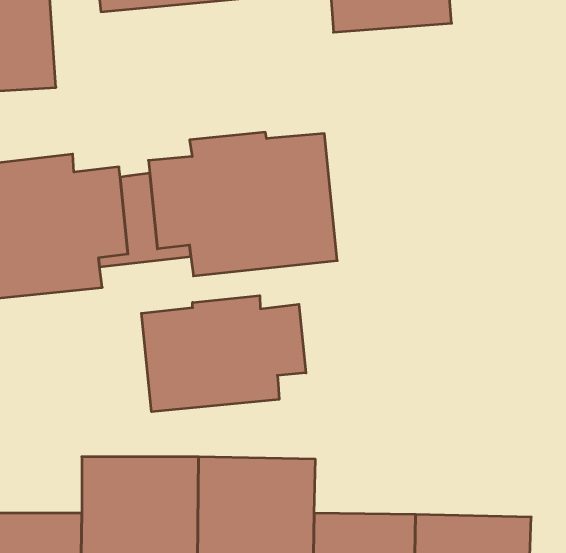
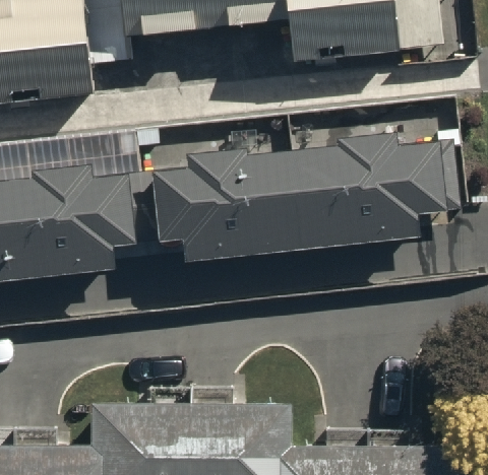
building: none -> [293,124,460,242]
building: [141,296,306,412] -> none

